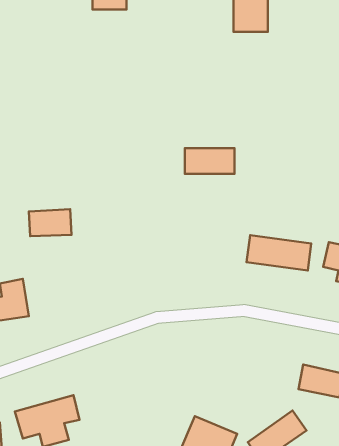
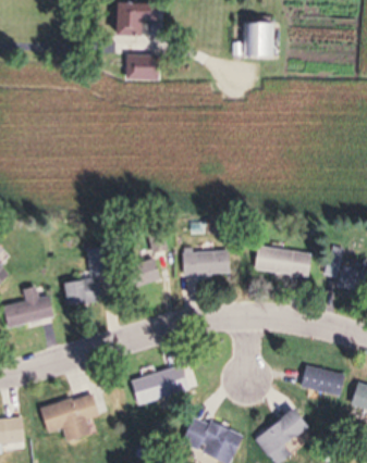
building: none -> [125,54,158,79]
building: [185,148,234,174] -> [184,250,230,274]
building: [29,209,71,236] -> [65,278,105,303]
building: none -> [122,261,160,286]
building: none -> [131,364,191,404]

